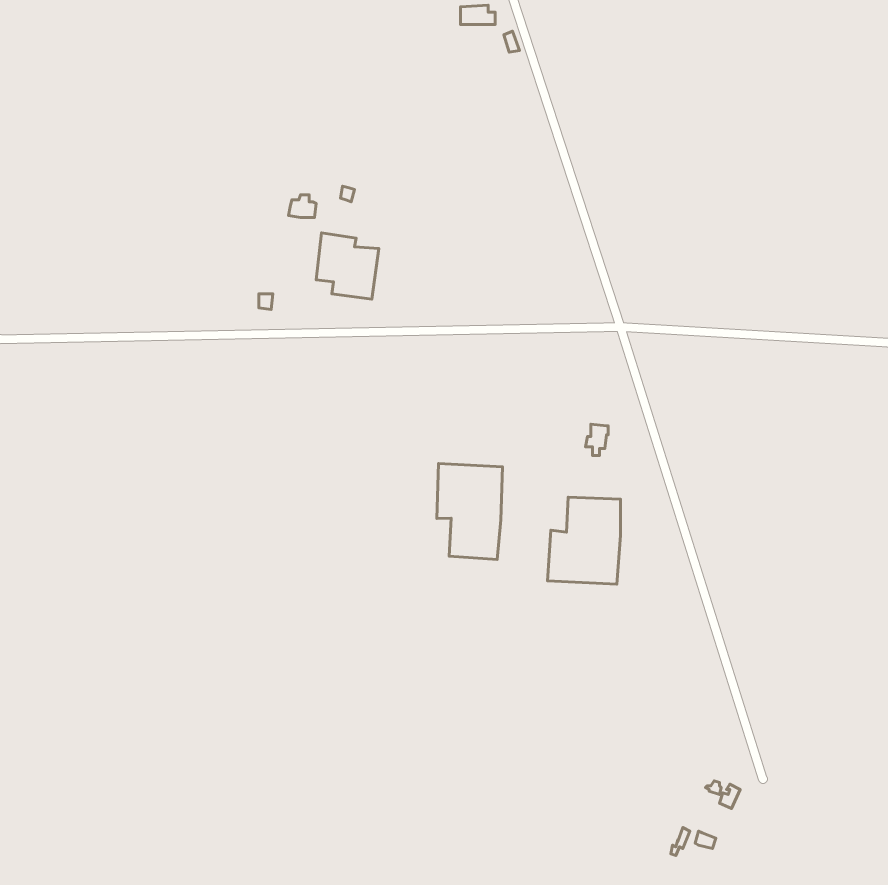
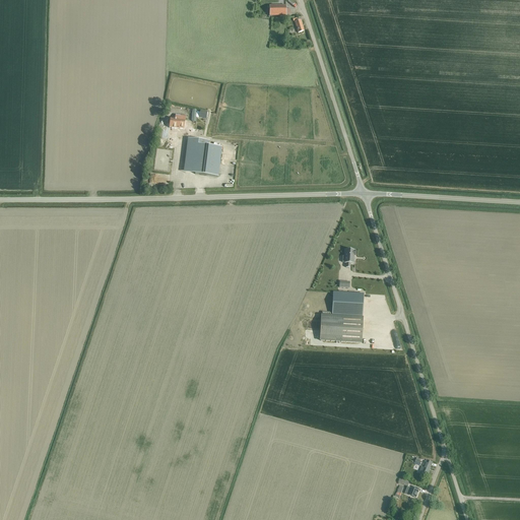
building: [437,464,502,560] -> none

